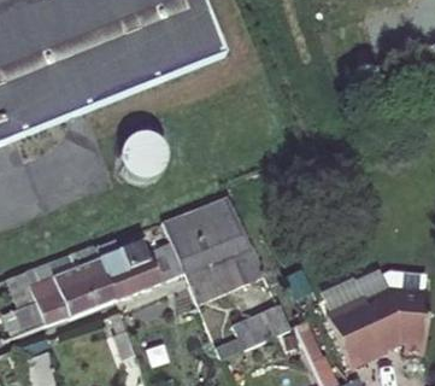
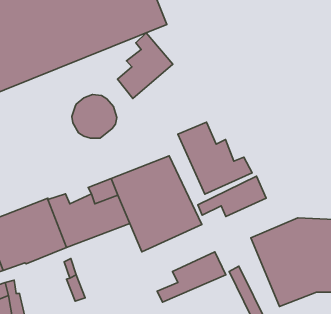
building: none -> [117,33,173,99]
building: none -> [178,122,252,194]
building: none -> [198,176,266,216]

